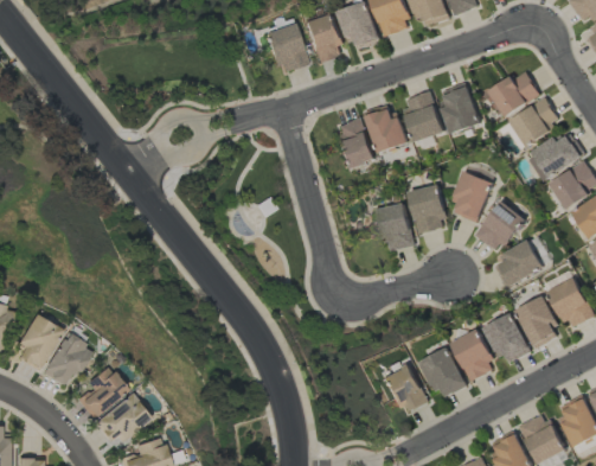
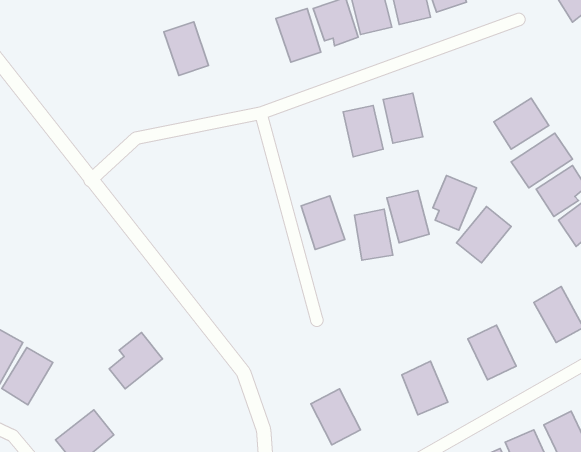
building: [264,23,307,74] -> [164,22,209,75]
building: [489,70,540,115] -> none
building: [442,81,480,133] -> none
building: [333,116,374,167] -> [301,196,345,249]
building: [492,240,544,287] -> none
building: [515,295,562,347] -> none
building: [450,328,496,381] -> none
building: [382,362,429,415] -> [311,389,361,445]
building: [76,365,127,419] -> [109,333,163,389]

